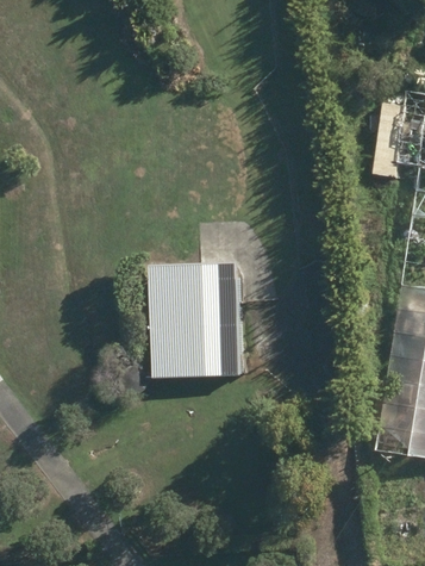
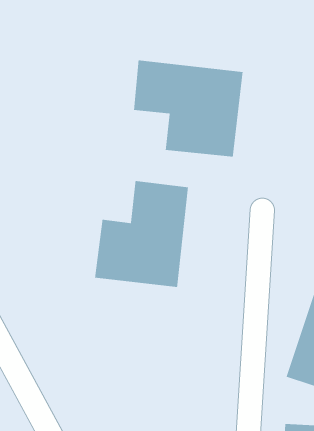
building: none -> [133,60,243,158]

